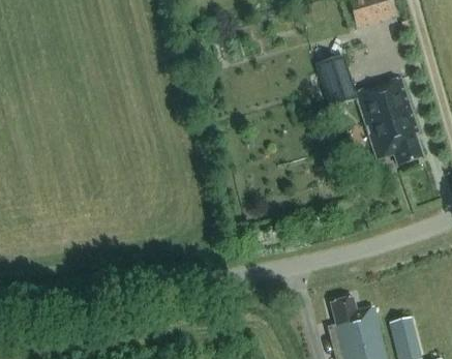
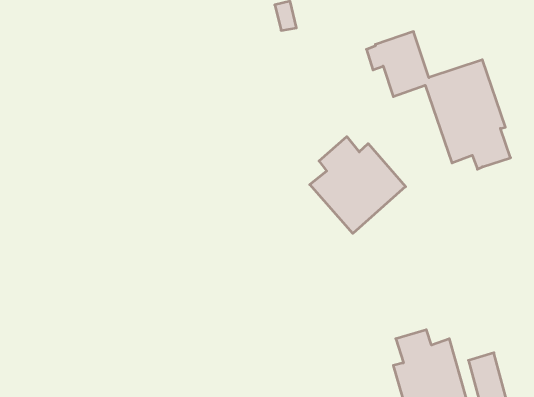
building: none -> [310,137,406,233]

